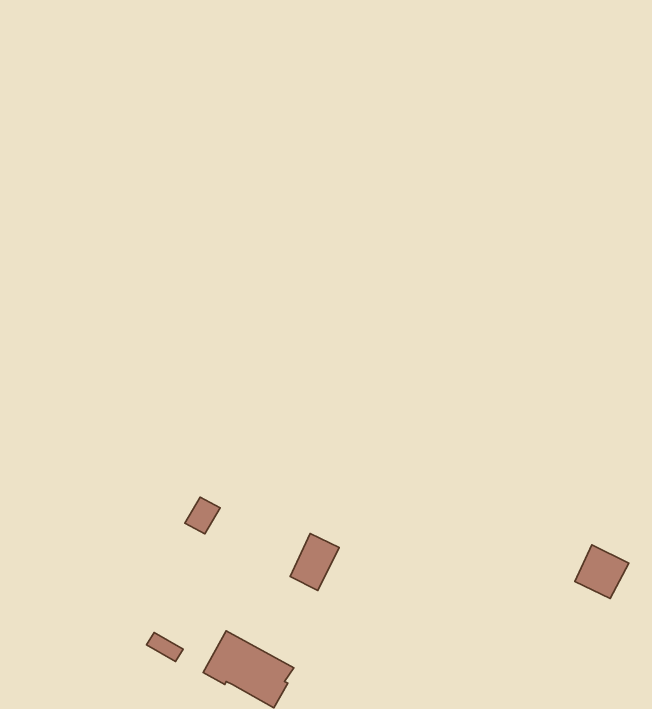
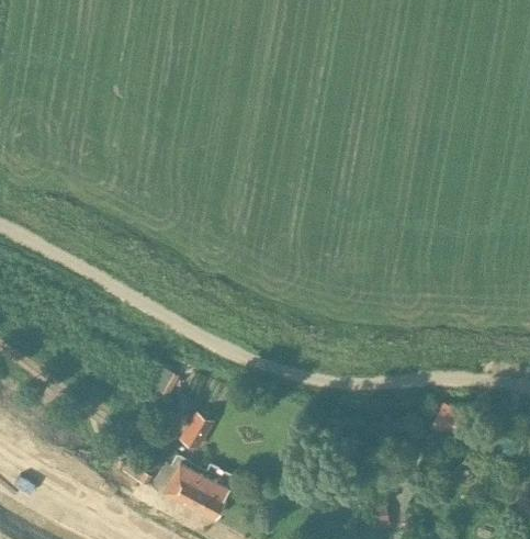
building: [290,534,339,590] -> [177,409,212,450]

